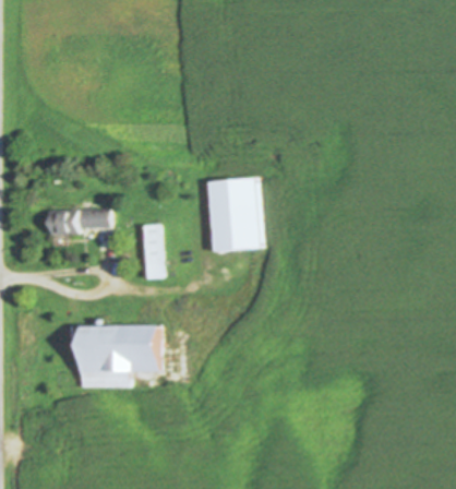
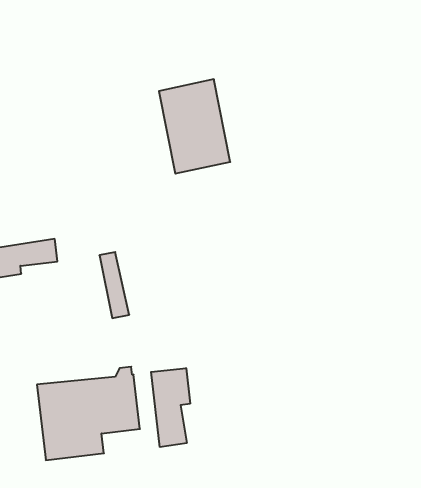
building: [208,178,260,251] -> [159,79,230,174]
building: none -> [151,368,190,447]

